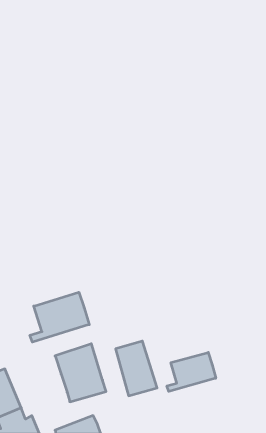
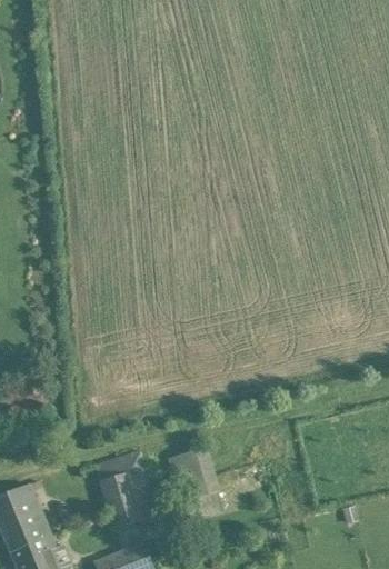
building: [30,292,89,342] -> none
building: [167,352,216,391] -> none

